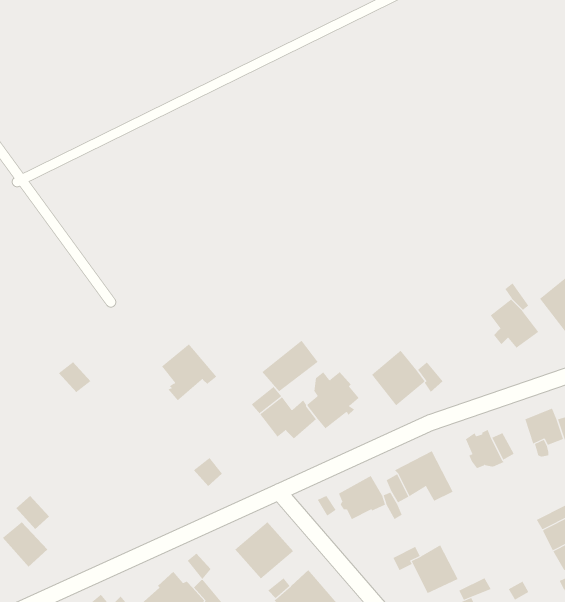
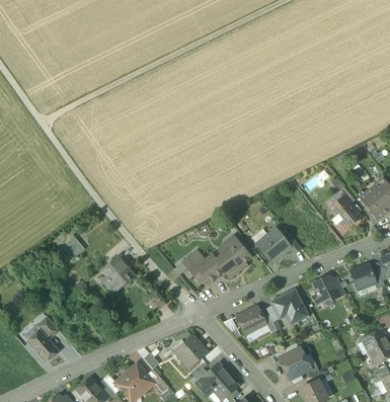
building: [261,340,319,392] -> none
building: [161,343,217,401] -> [100,255,135,291]

